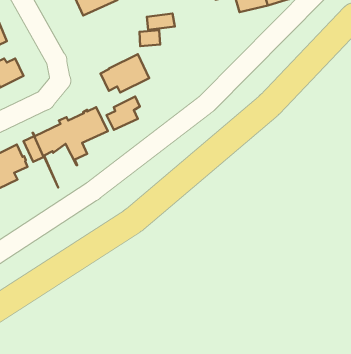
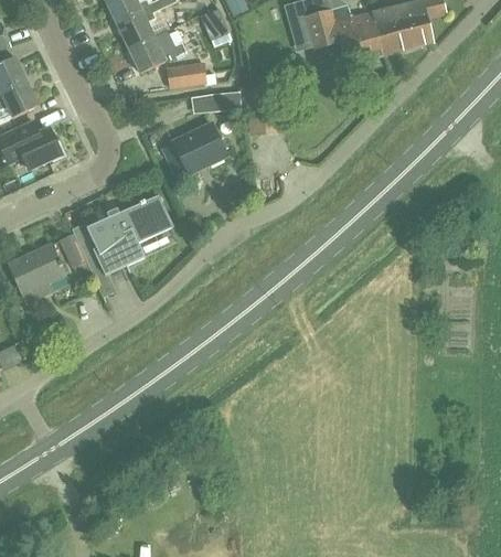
building: [147,13,175,30] -> [167,64,204,86]
building: [107,96,140,130] -> none

